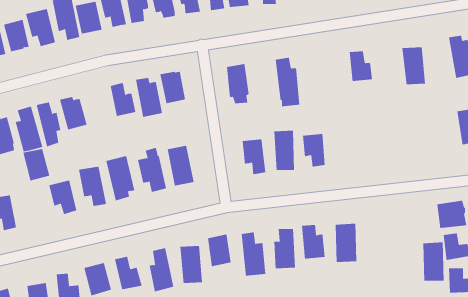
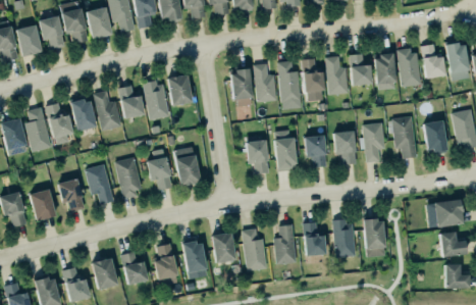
building: none -> [419,42,445,79]
building: none -> [372,51,394,90]
building: none -> [326,56,351,96]
building: none -> [301,58,323,91]
building: none -> [254,63,278,103]
building: none -> [93,90,120,131]
building: none -> [391,115,416,158]
building: none -> [423,119,446,154]
building: none -> [362,122,383,161]
building: none -> [334,132,357,165]
building: [23,148,50,181] -> [31,190,57,221]
building: [422,242,445,281] -> [365,219,386,257]

